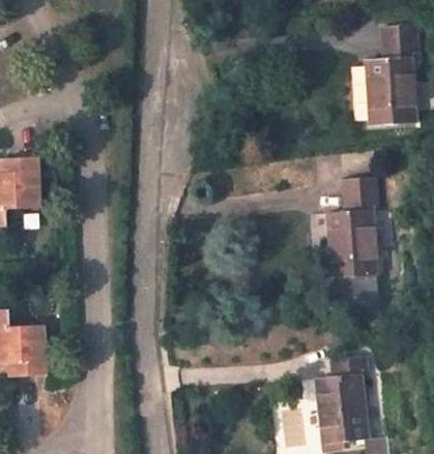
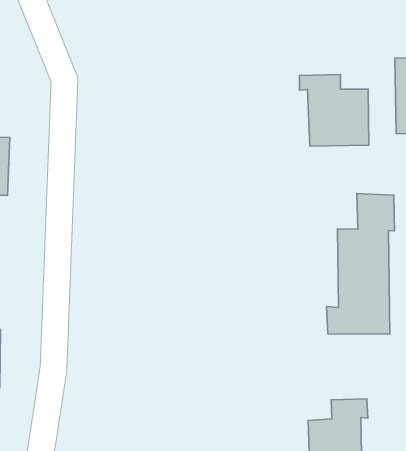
building: none -> [299,74,369,146]

